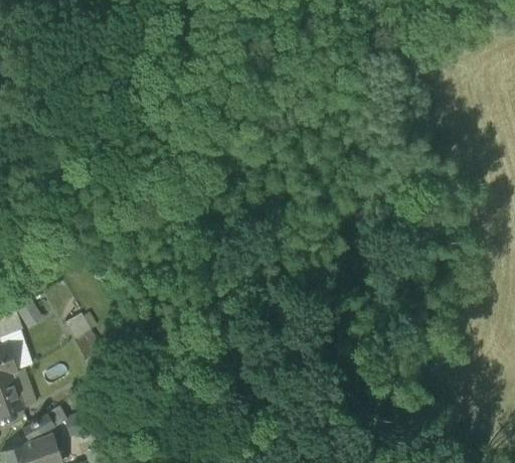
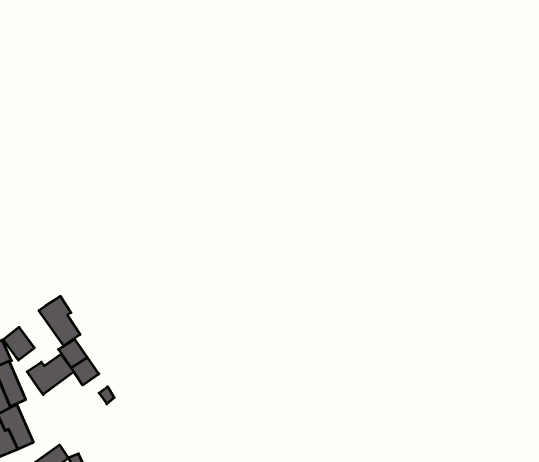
building: none -> [39,296,80,346]
building: none -> [27,354,74,395]

